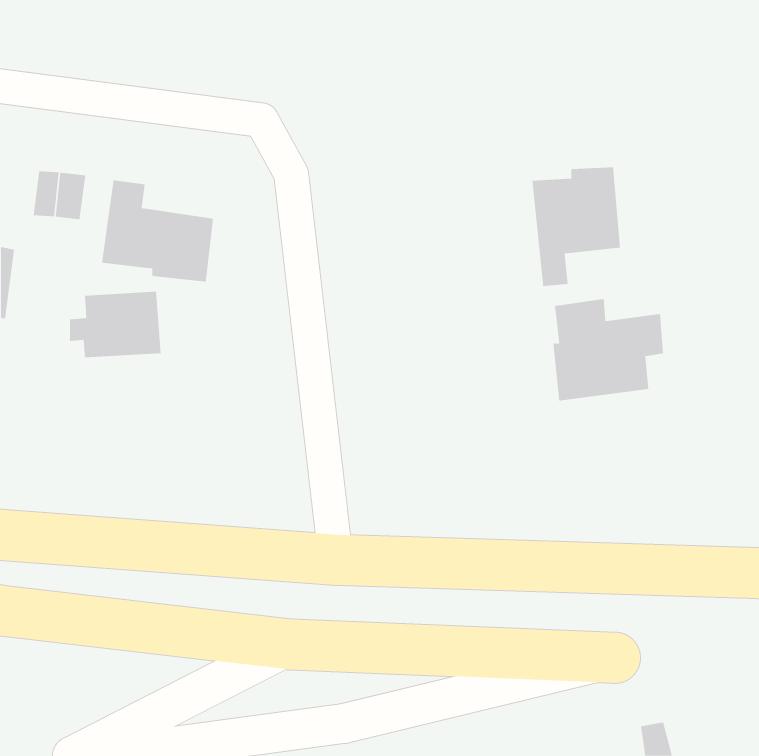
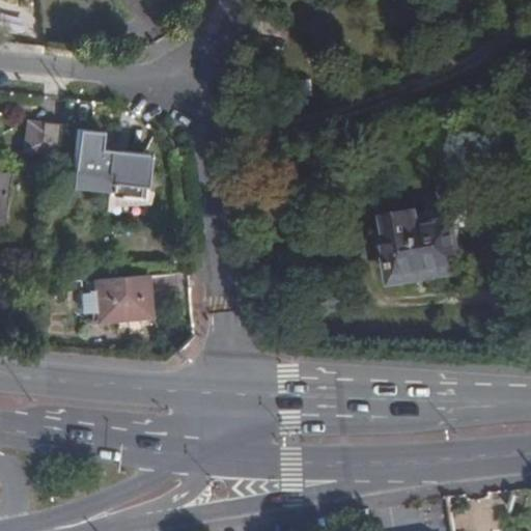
building: [532,166,621,287] -> none
building: [69,291,161,358] -> [85,279,149,326]

